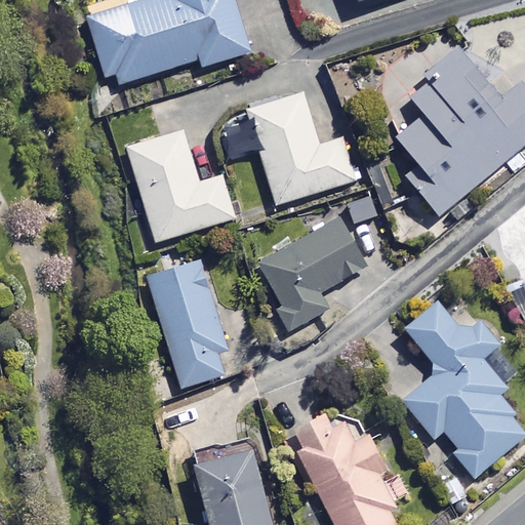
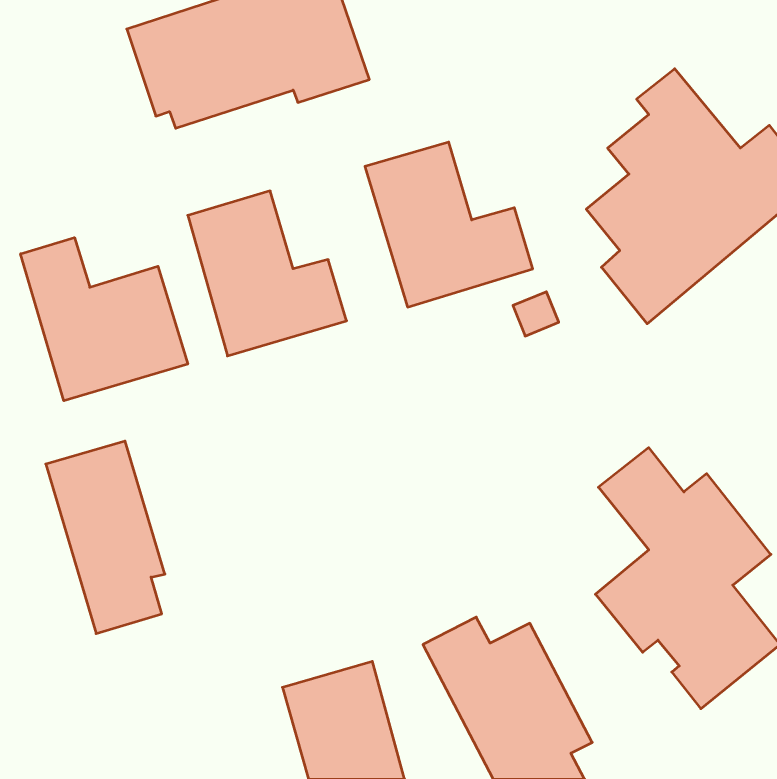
building: none -> [21,238,188,401]
building: [255,219,362,327] -> none
building: [149,257,229,387] -> [46,441,165,634]

